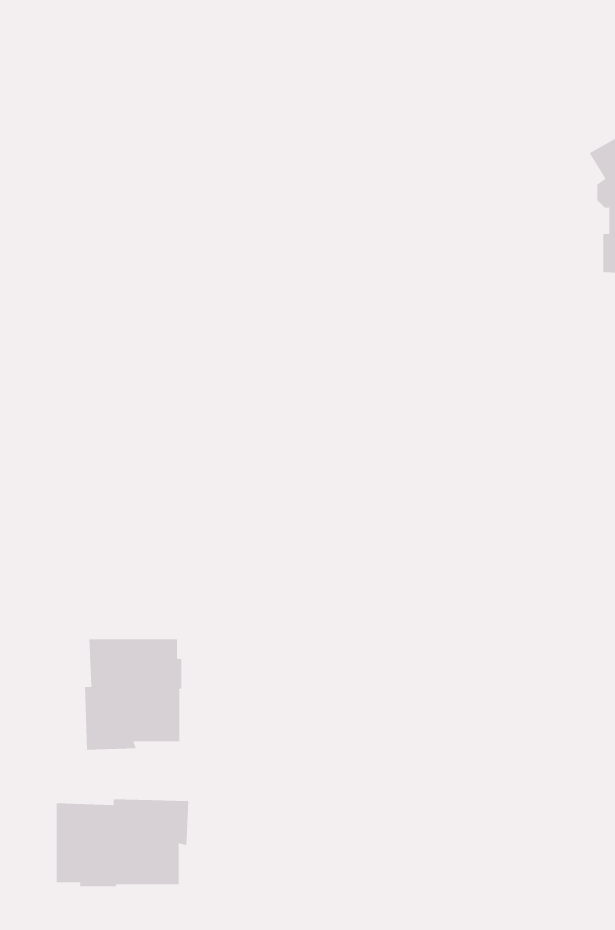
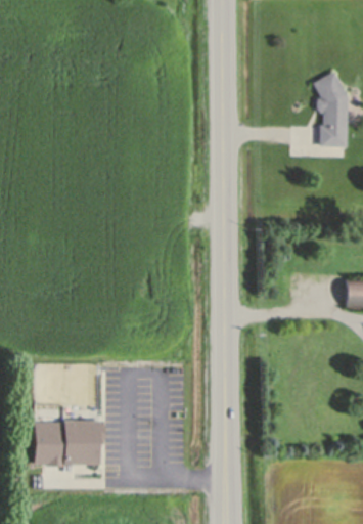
building: [84,638,182,750] -> none

